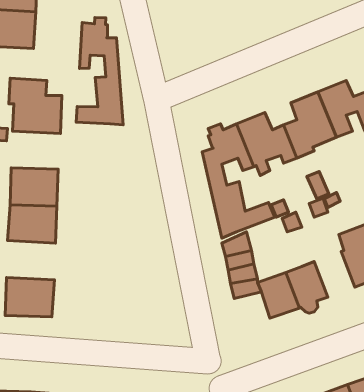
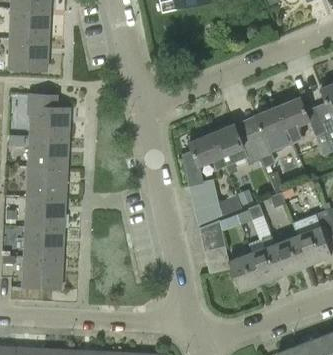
building: [76,17,123,125] -> none
building: none -> [28,138,68,169]
building: none -> [24,227,64,259]
building: none -> [274,236,307,273]

